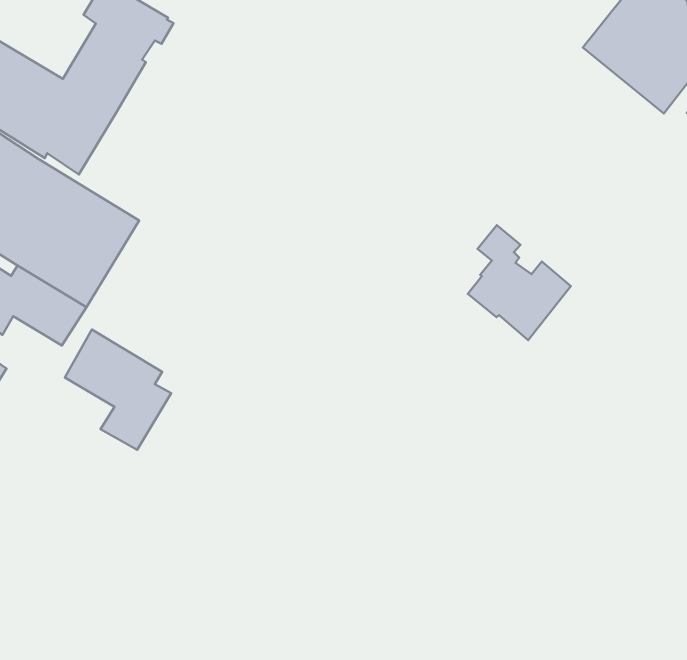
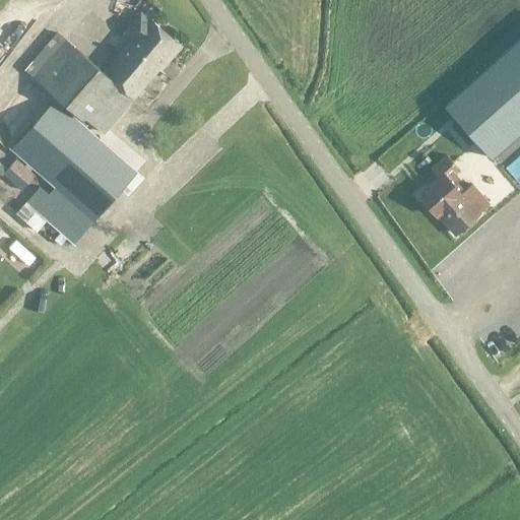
building: [468,225,571,340] -> [420,155,489,234]
building: [65,329,171,450] -> none

